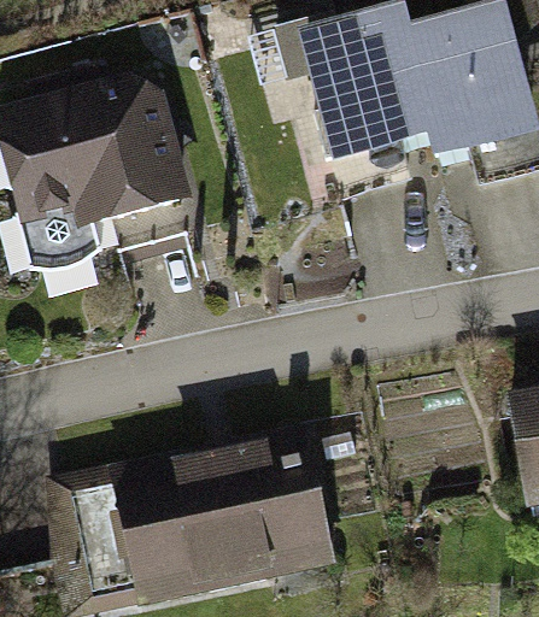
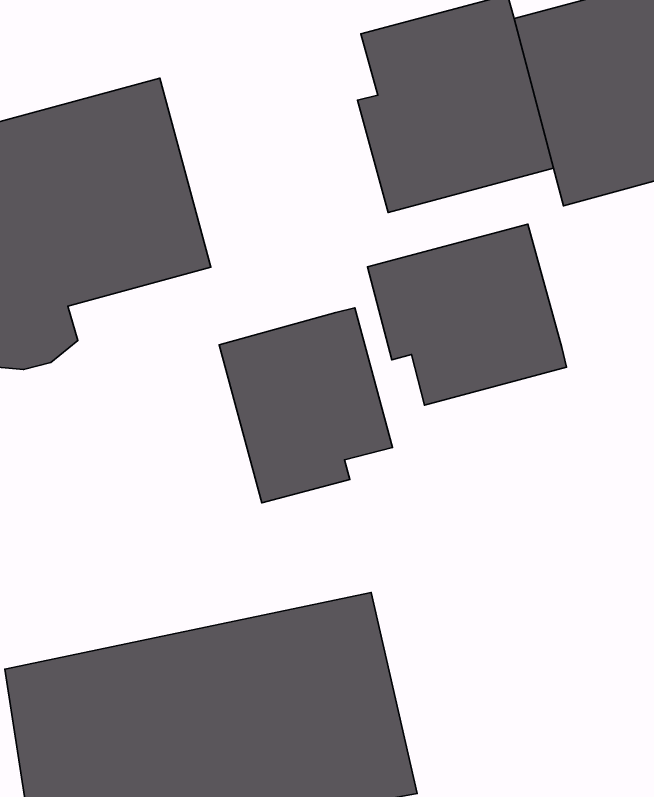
building: none -> [368,224,567,405]
building: none -> [219,308,393,503]

